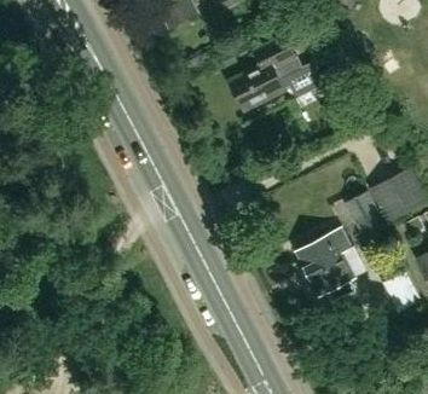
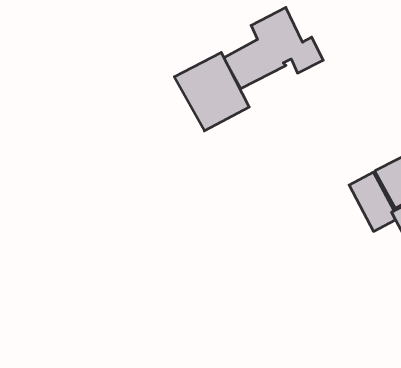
building: none -> [174,52,249,131]
building: [295,226,353,297] -> none

